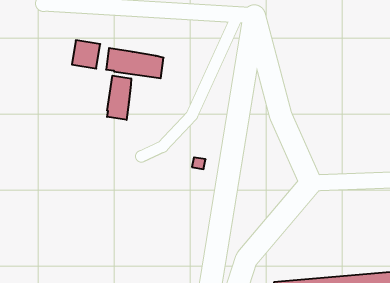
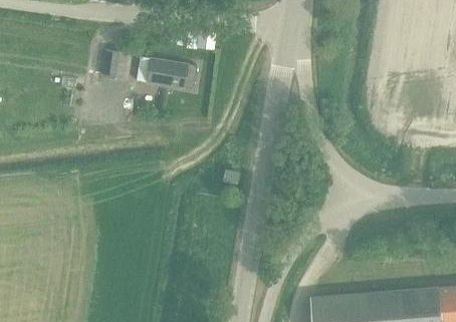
building: [107,76,131,120] -> none

